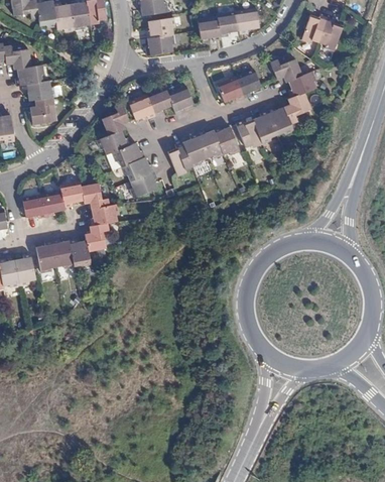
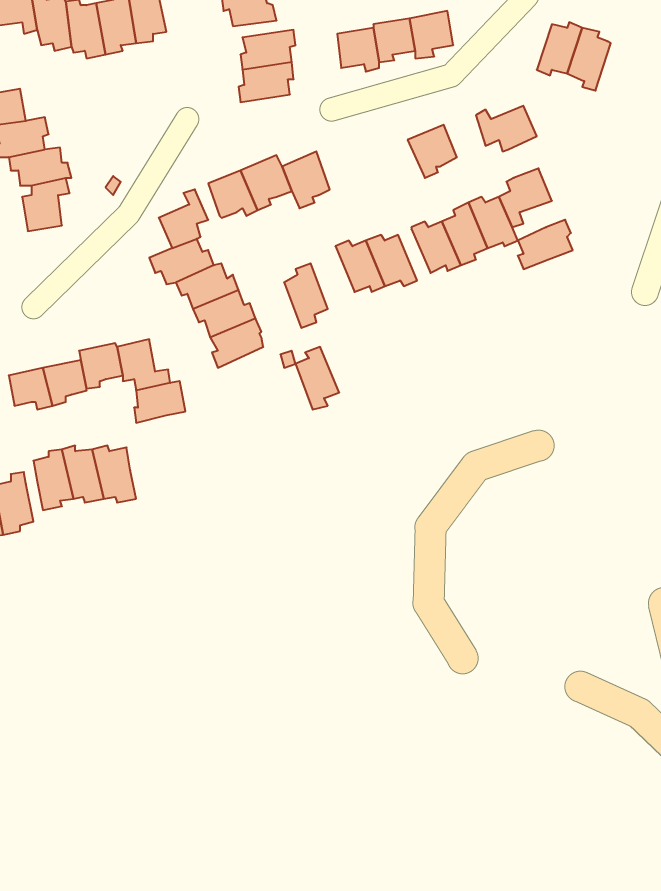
building: [288,71,317,97] -> [518,220,573,269]
building: [217,77,244,102] -> none
building: [183,133,207,166] -> [296,347,339,410]
building: [85,223,109,252] -> none

